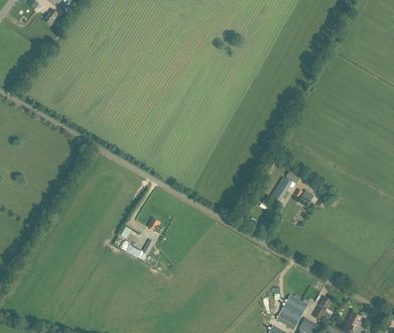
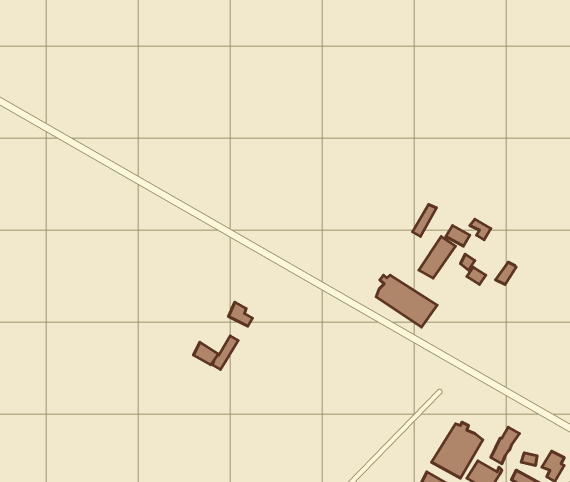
building: none -> [376,275,437,327]

